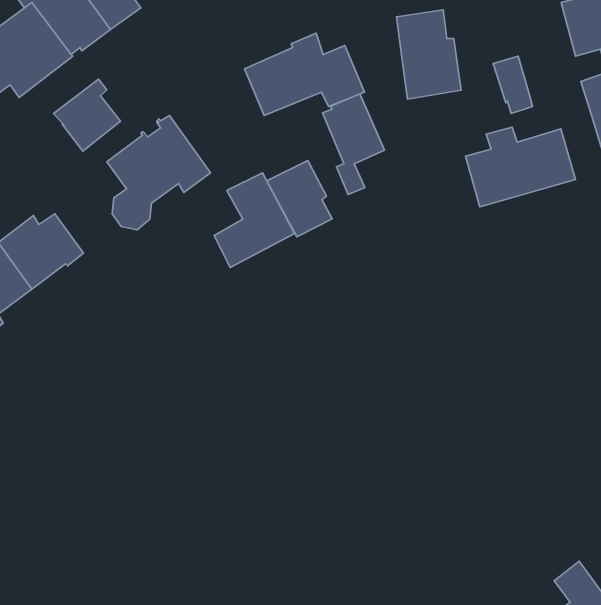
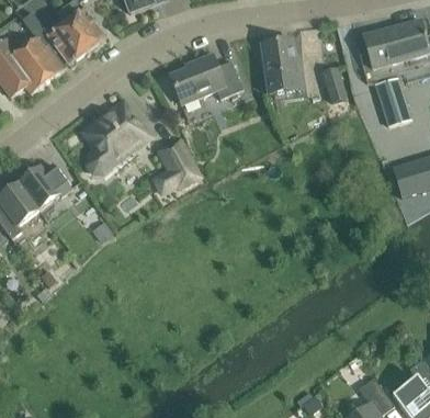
building: [54,79,120,151] -> none
building: [323,94,385,194] -> none
building: [465,127,575,207] -> none
building: [267,161,332,237] -> none

